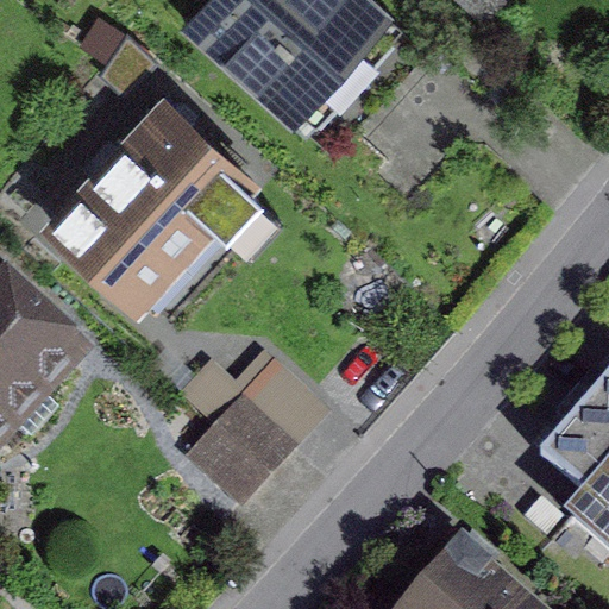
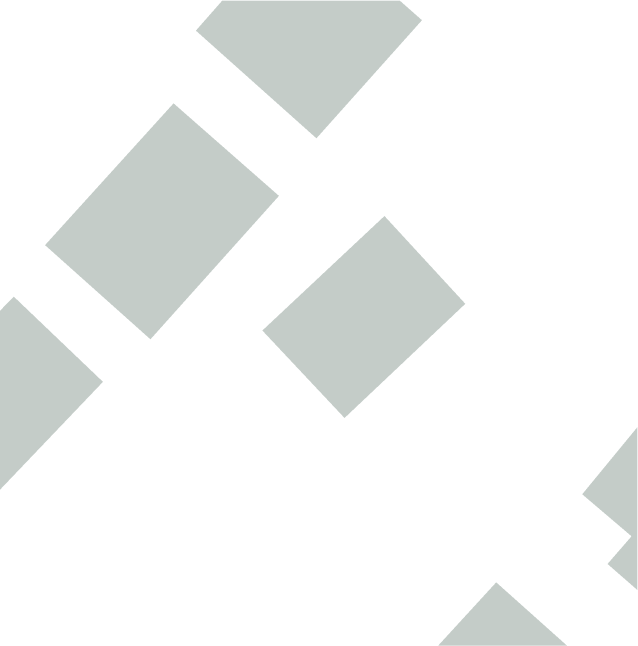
building: none -> [262,215,466,419]
building: [178,346,328,501] -> none

